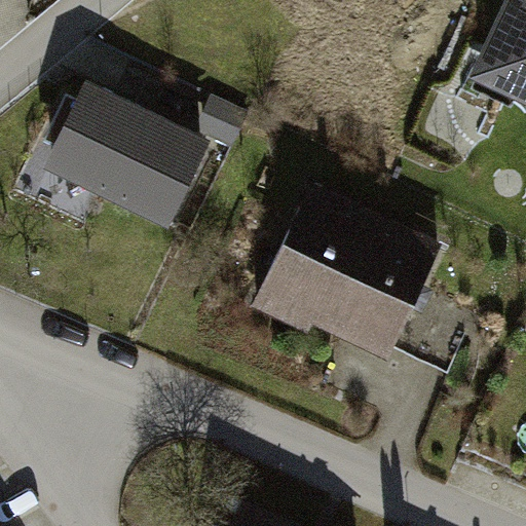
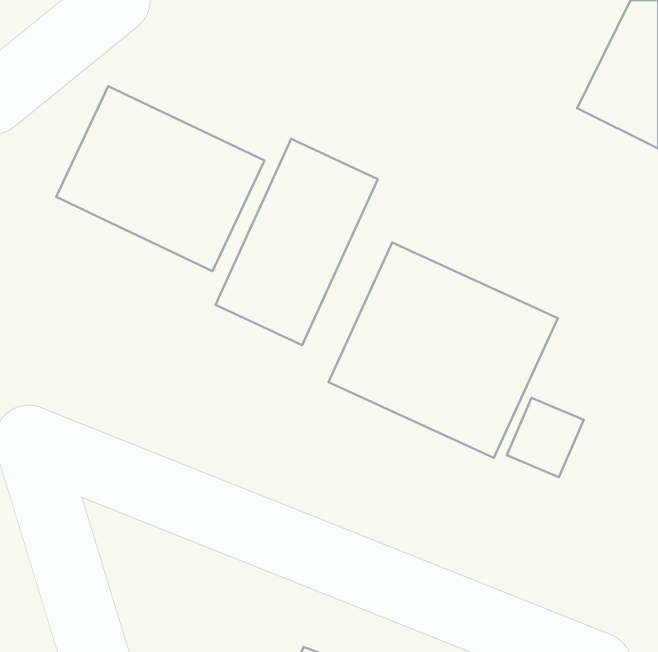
building: none -> [216,139,378,345]

